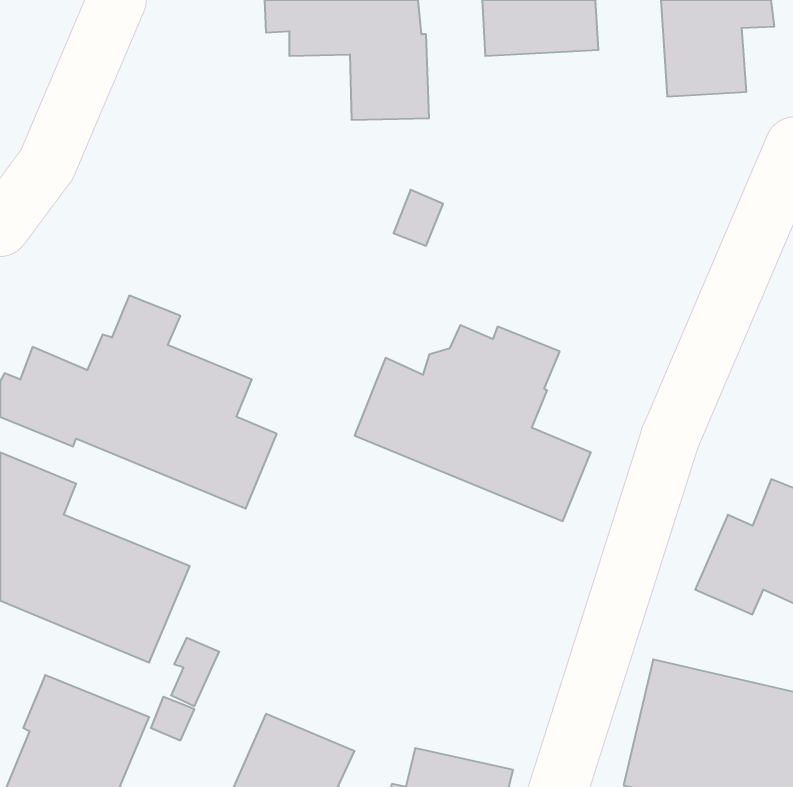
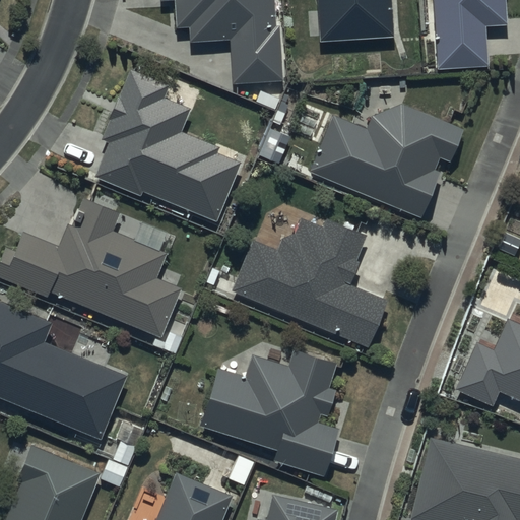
building: none -> [93,68,240,221]
building: none -> [309,103,463,217]
building: none -> [198,349,337,476]

